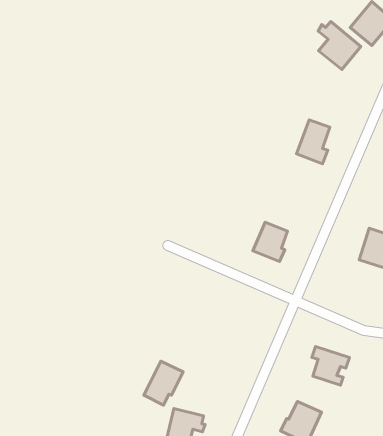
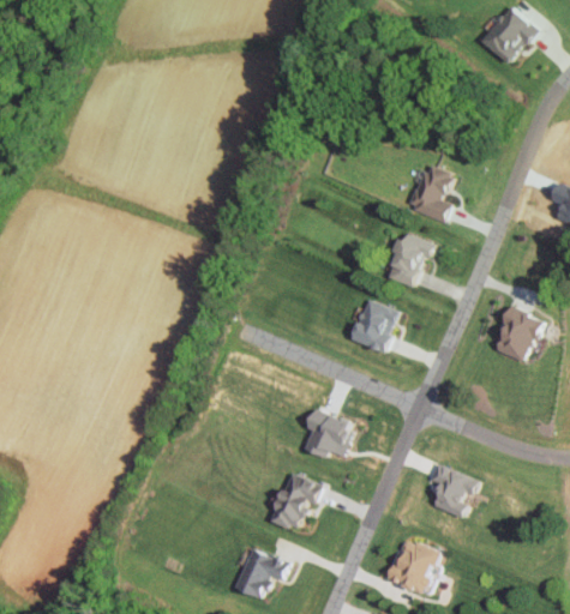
building: [318,21,361,69] -> none
building: none -> [388,231,431,287]
building: none -> [300,405,353,456]
building: [144,361,183,405] -> [268,472,320,531]

